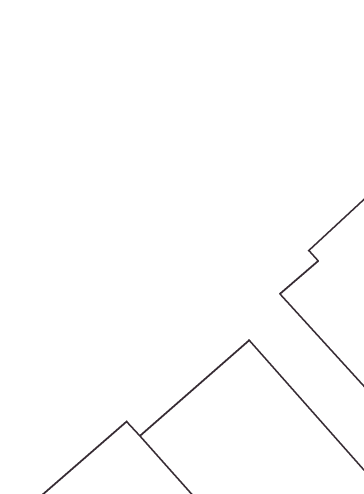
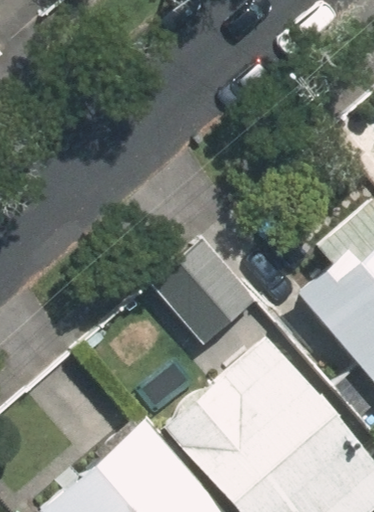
building: none -> [153,239,257,344]

